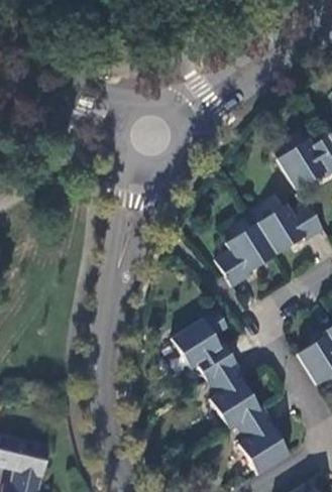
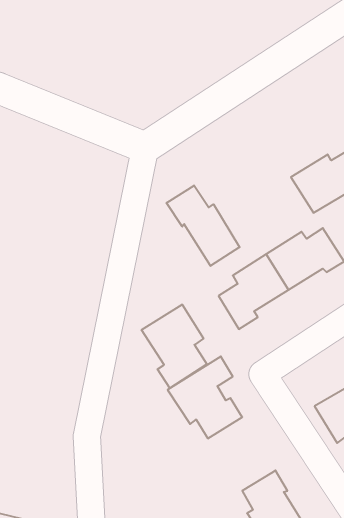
building: none -> [167,185,240,266]
building: none -> [142,304,207,388]
building: [207,362,261,428] -> none

